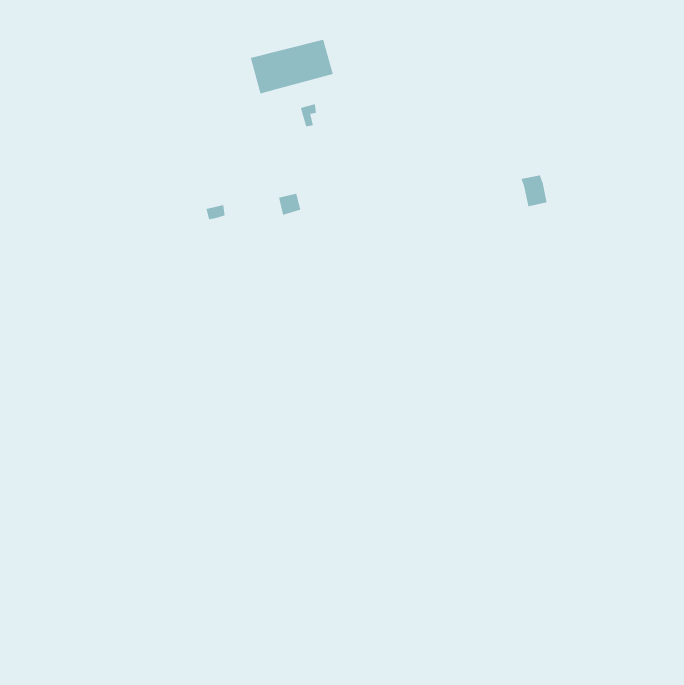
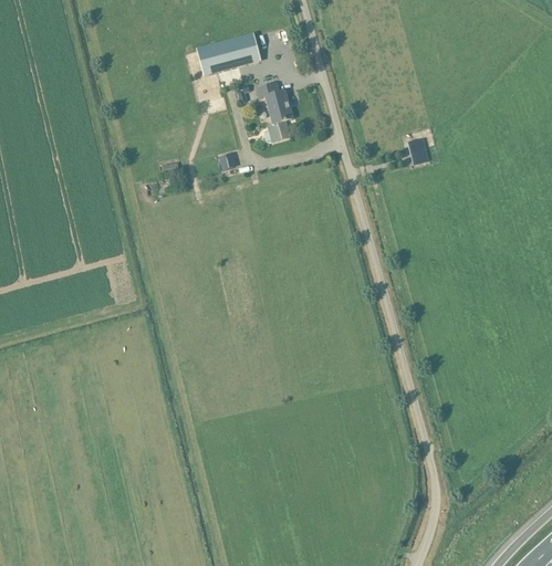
building: none -> [256,75,293,142]

